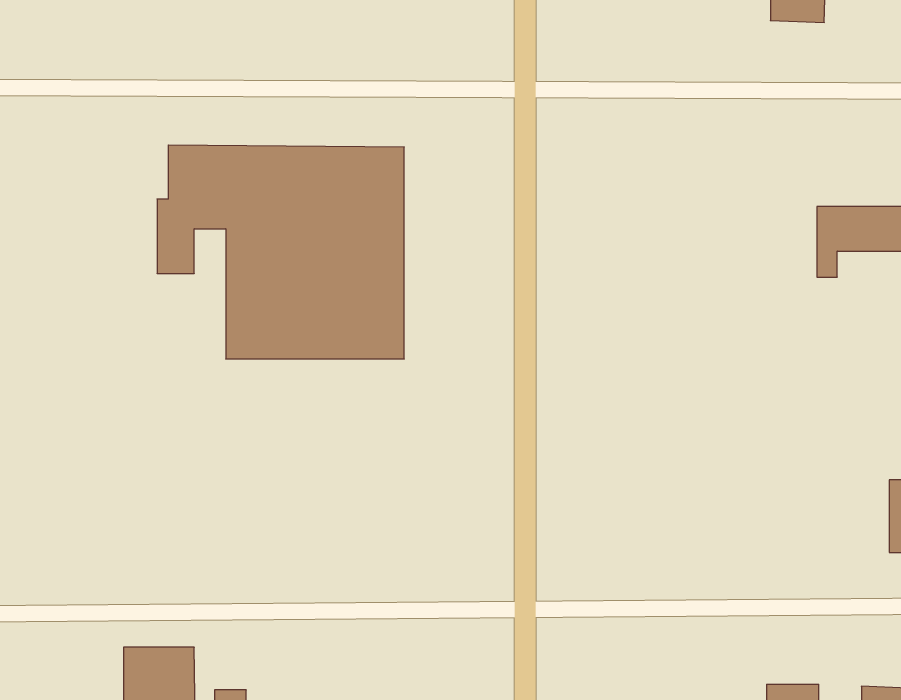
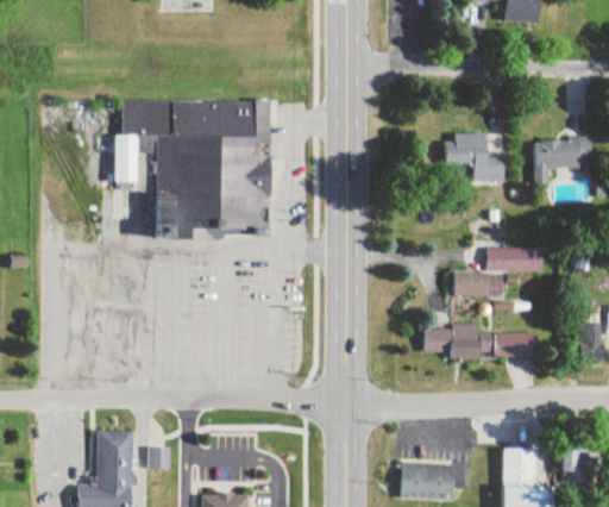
building: none -> [444,134,503,183]
building: none -> [450,248,541,296]
building: none -> [423,327,535,357]

